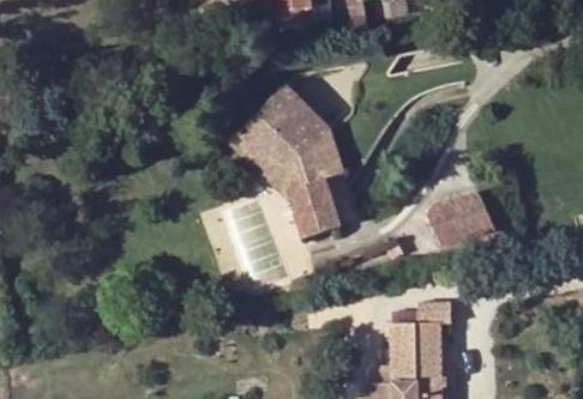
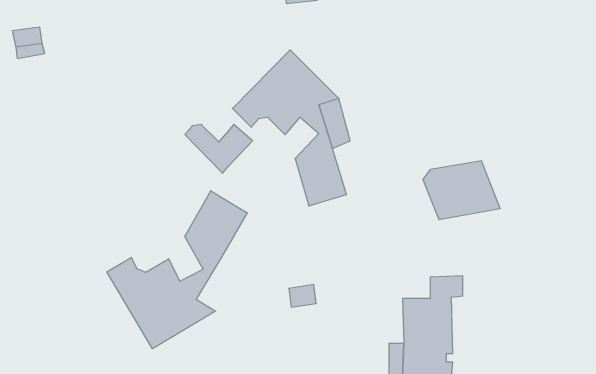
building: [250,150,314,197] -> [185,124,253,173]
building: none -> [107,191,247,349]

